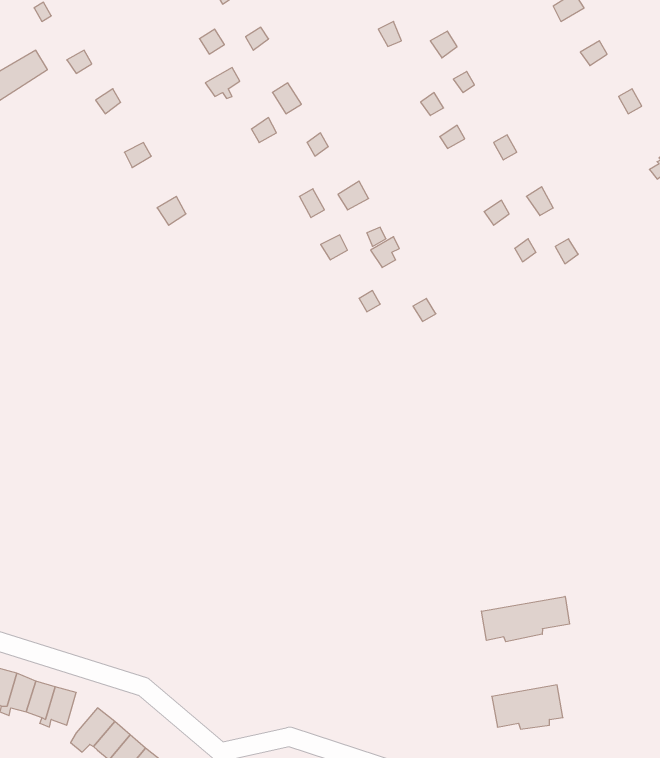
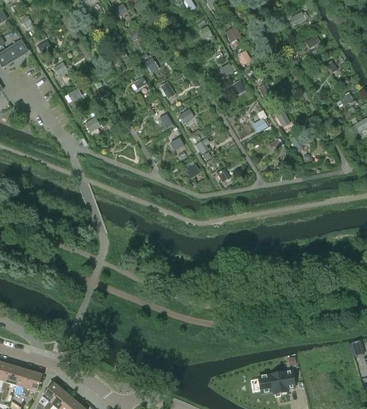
building: [481,596,569,642] -> none

